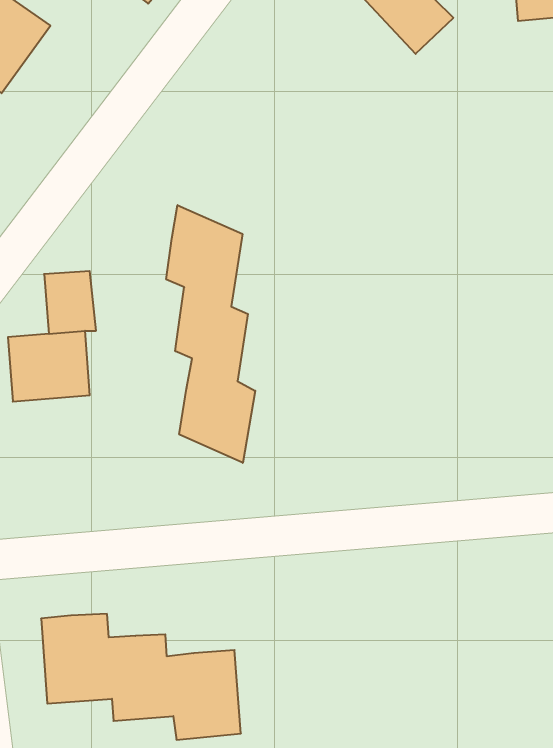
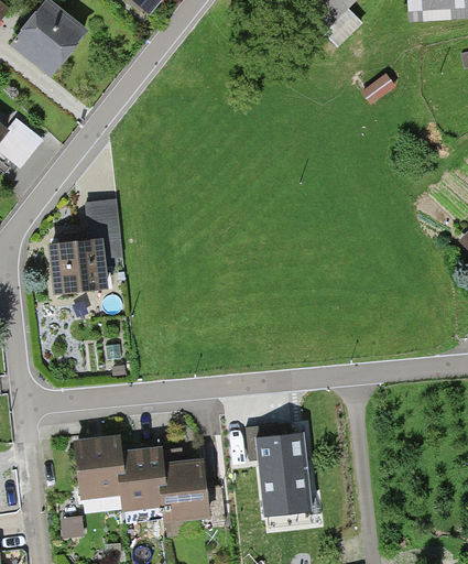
building: [166,205,255,463] -> none
building: none -> [247,416,312,510]

